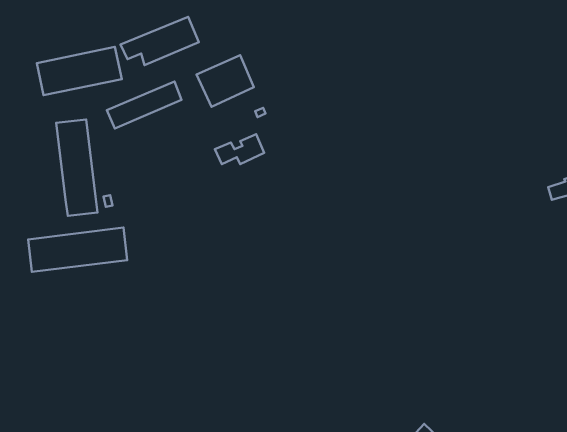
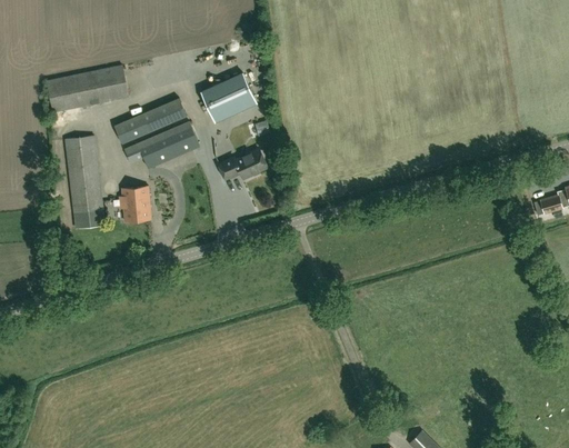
building: [121,17,199,65] -> [124,122,200,169]
building: none -> [119,187,151,221]
building: [28,228,127,272] -> none

